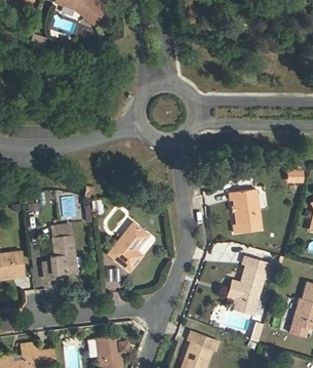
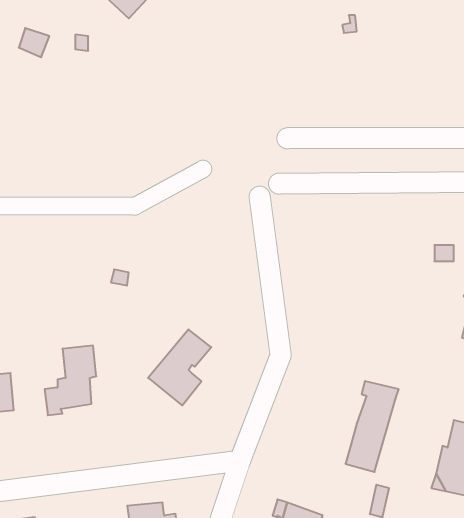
building: [231,189,263,234] -> none

